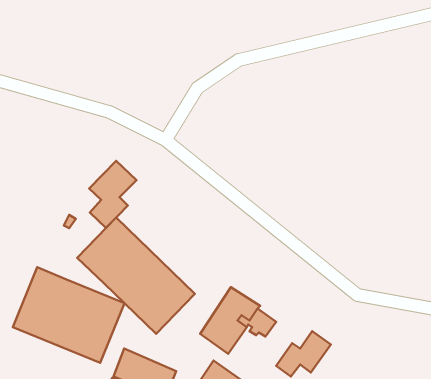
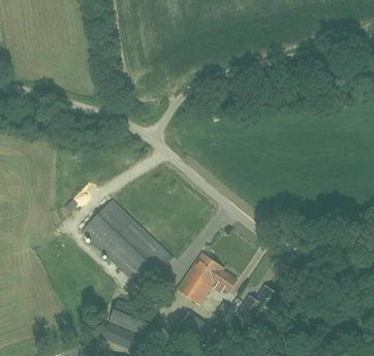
building: [89,161,136,228] -> none
building: [13,267,125,363] -> none

